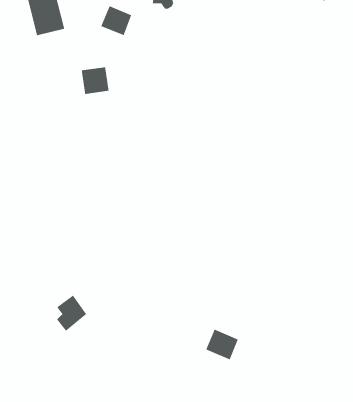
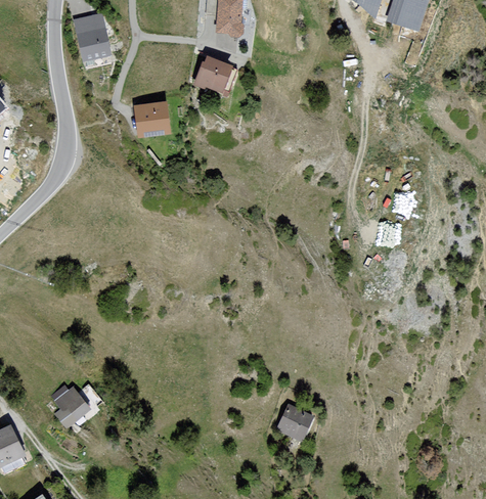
building: [100,5,132,36] -> [196,57,233,93]
building: [56,295,87,332] -> [53,385,89,428]

